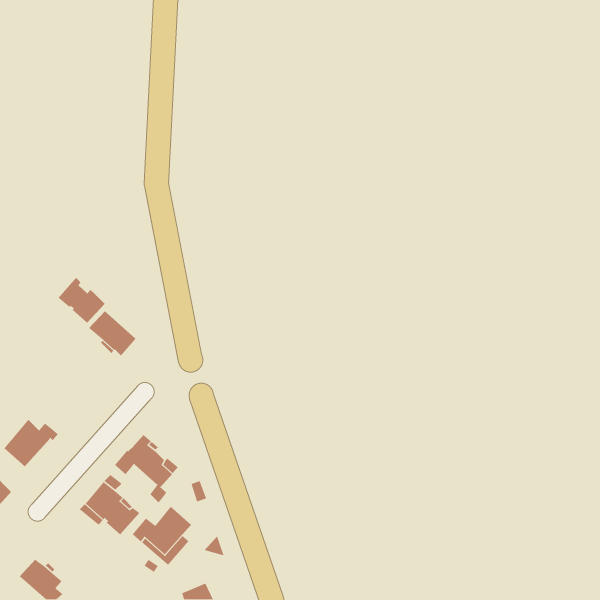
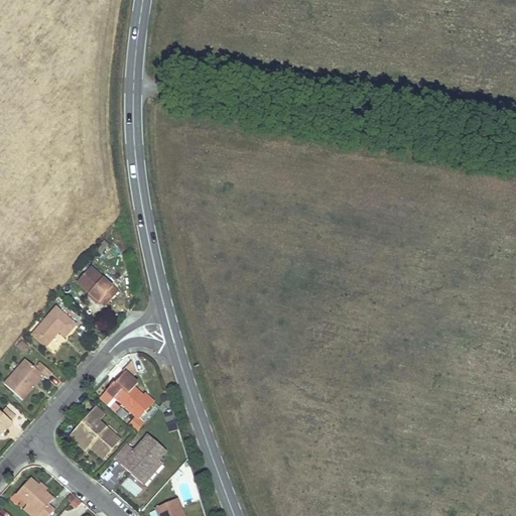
building: [58,277,106,324] -> none
building: none -> [32,307,76,346]

